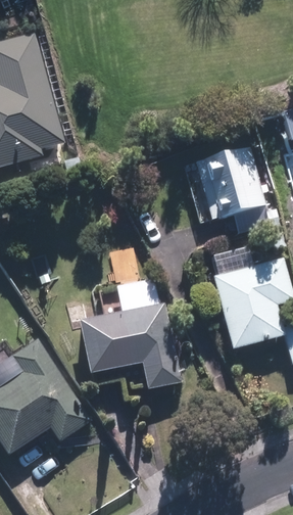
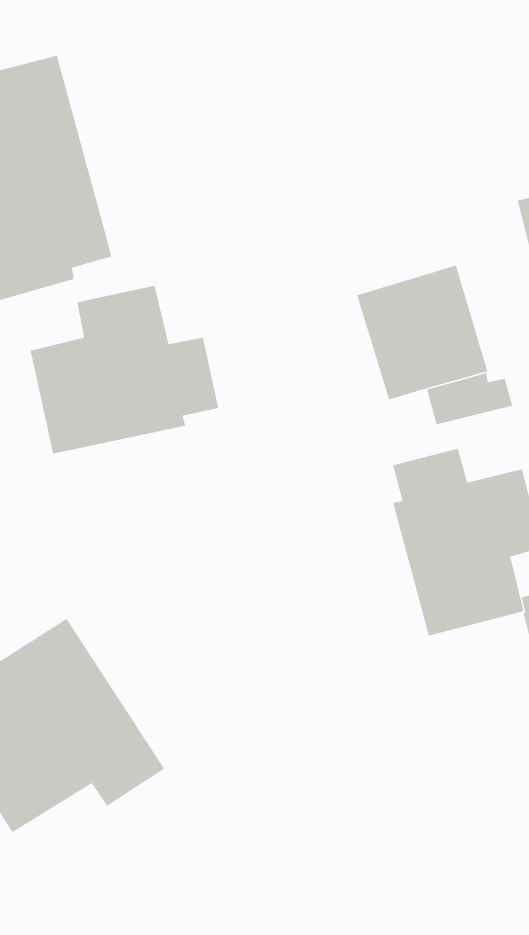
building: none -> [29,285,219,454]
building: [79,276,182,389] -> none

